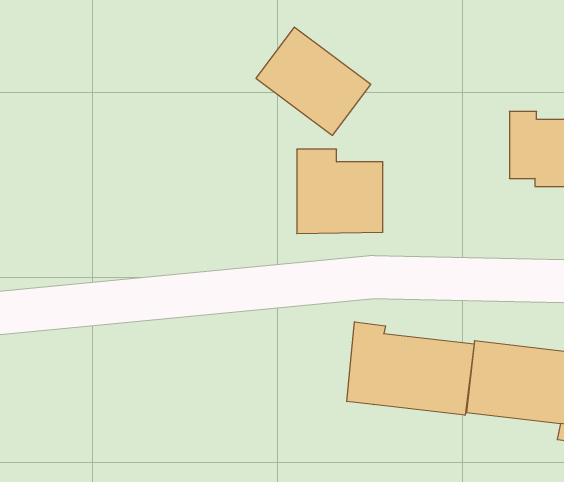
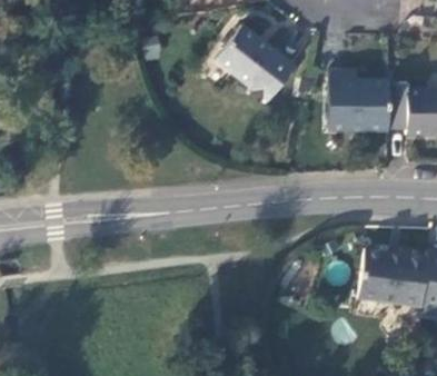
building: [297,149,383,234] -> [330,73,390,132]
building: [347,322,474,415] -> none

